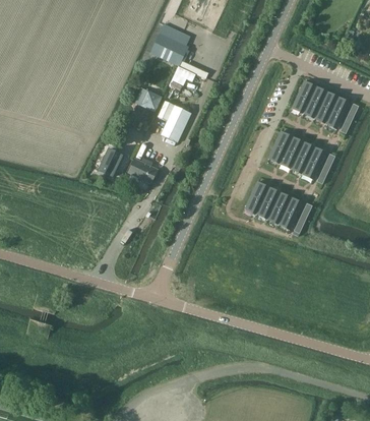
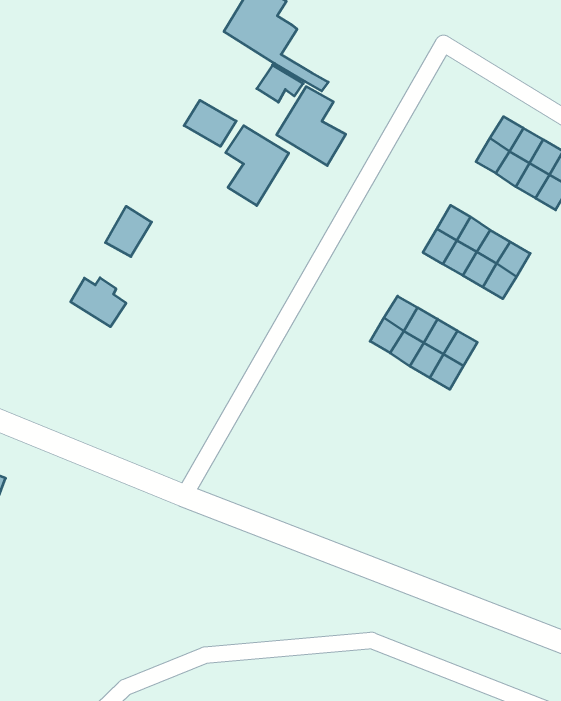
building: none -> [277,87,346,166]
building: [130,158,160,183] -> [71,278,126,327]

